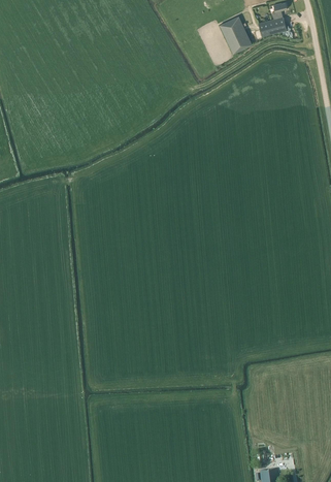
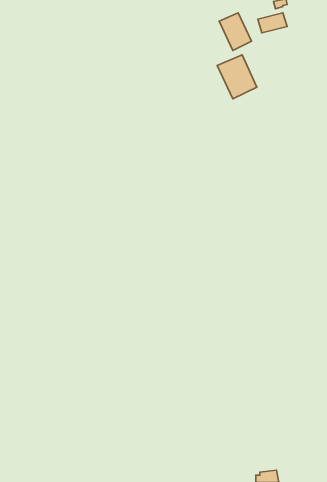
building: none -> [217,55,257,99]

